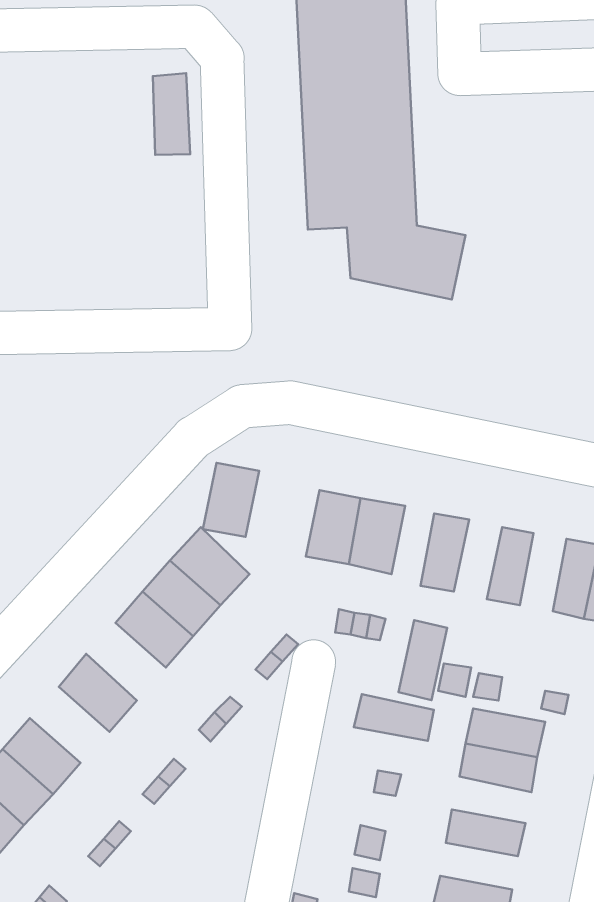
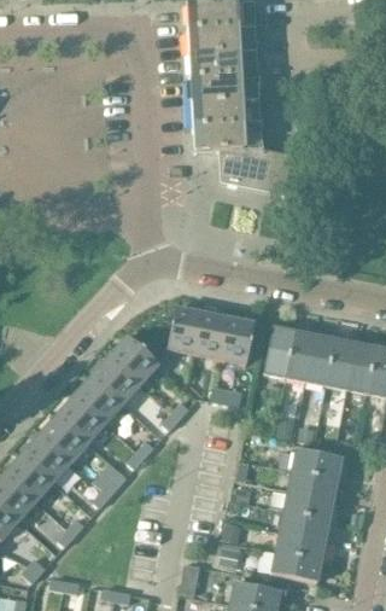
building: [153,73,190,155] -> none
building: [203,463,259,537] -> [166,308,201,354]
building: none -> [326,339,355,388]
building: [399,620,447,700] -> [285,331,315,380]
building: none -> [57,395,106,443]
building: none -> [22,435,71,482]
building: [354,694,434,741] -> [283,490,333,519]
building: none -> [276,531,324,560]

